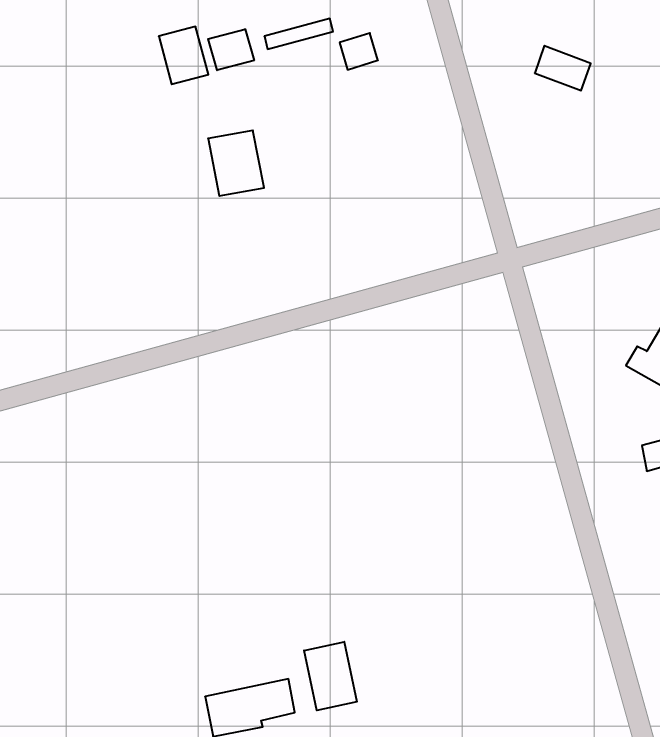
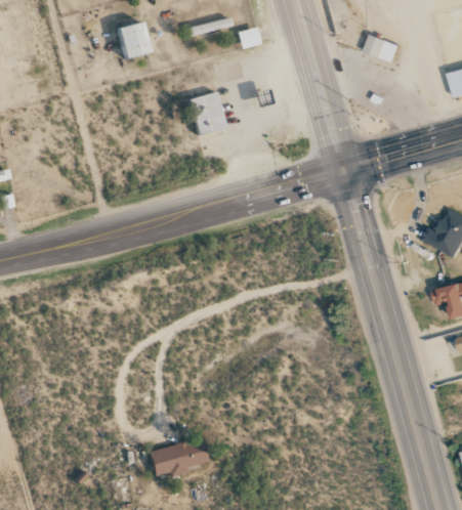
building: [208,29,254,70] -> none
building: [208,130,264,196] -> [191,93,226,135]
building: [304,642,357,710] -> none

